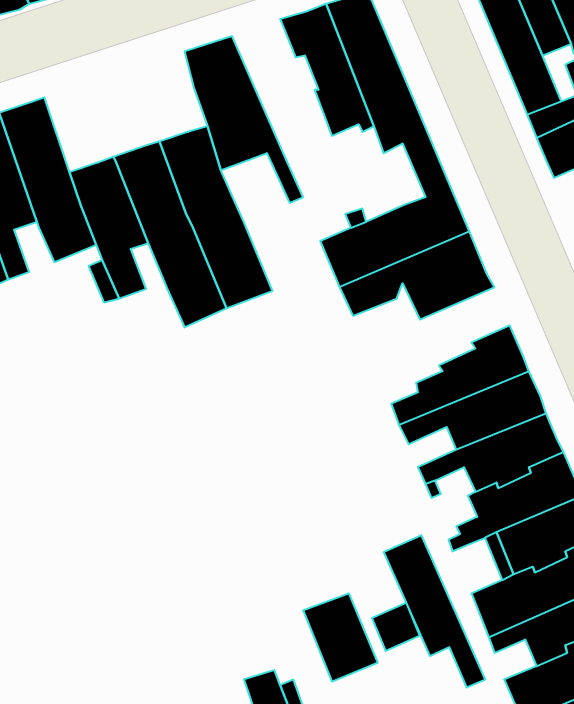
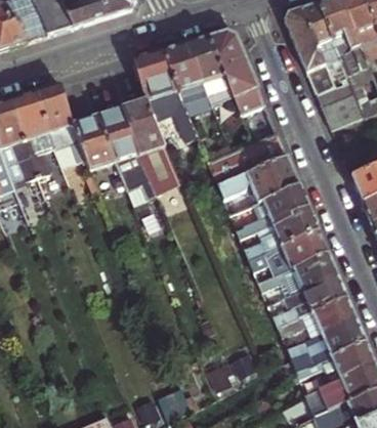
building: none -> [158,41,212,116]
building: none -> [235,184,306,236]
building: [384,535,485,688] -> none

